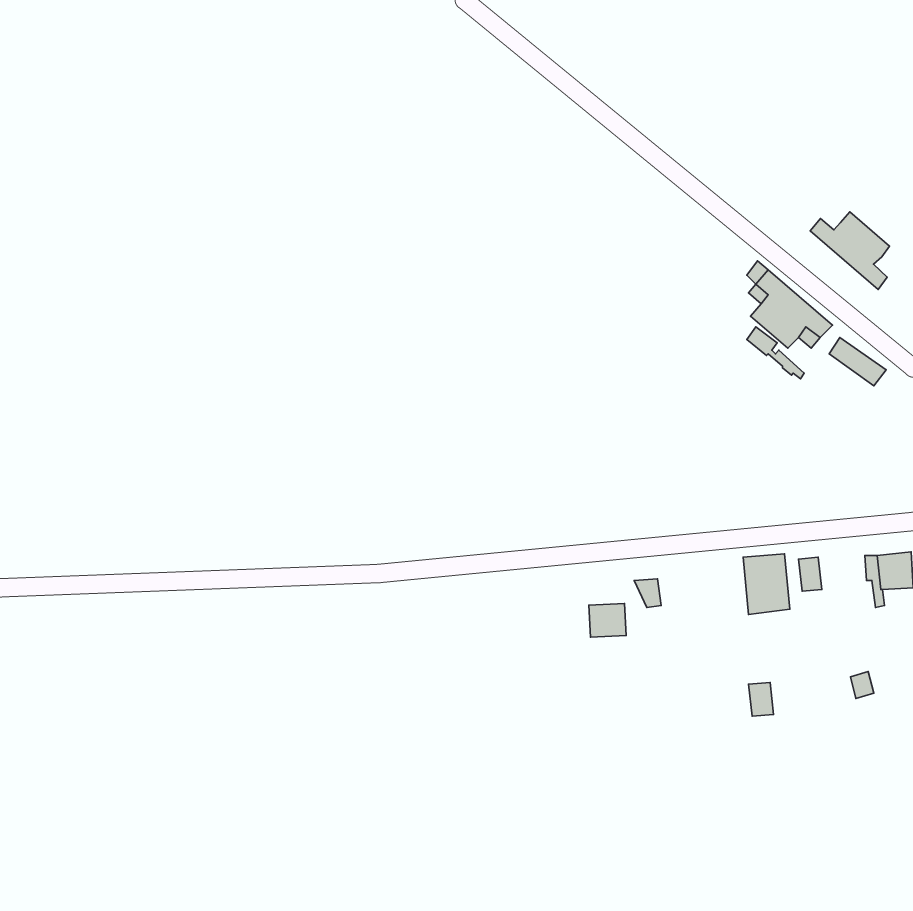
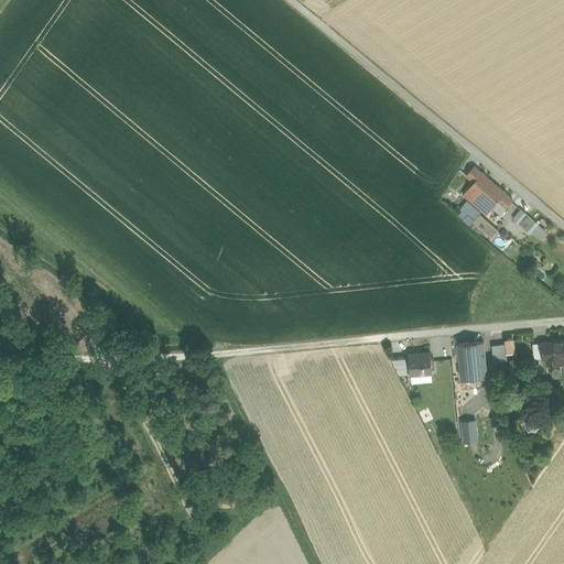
building: [810,212,889,289] -> none
building: [589,603,626,637] -> [409,354,432,375]

